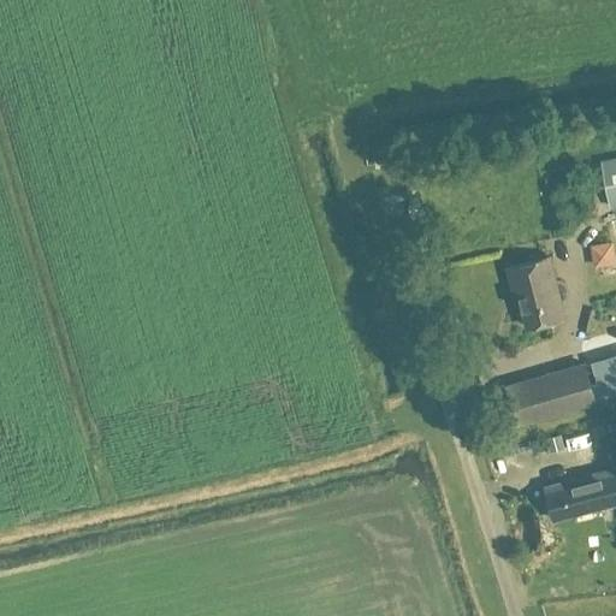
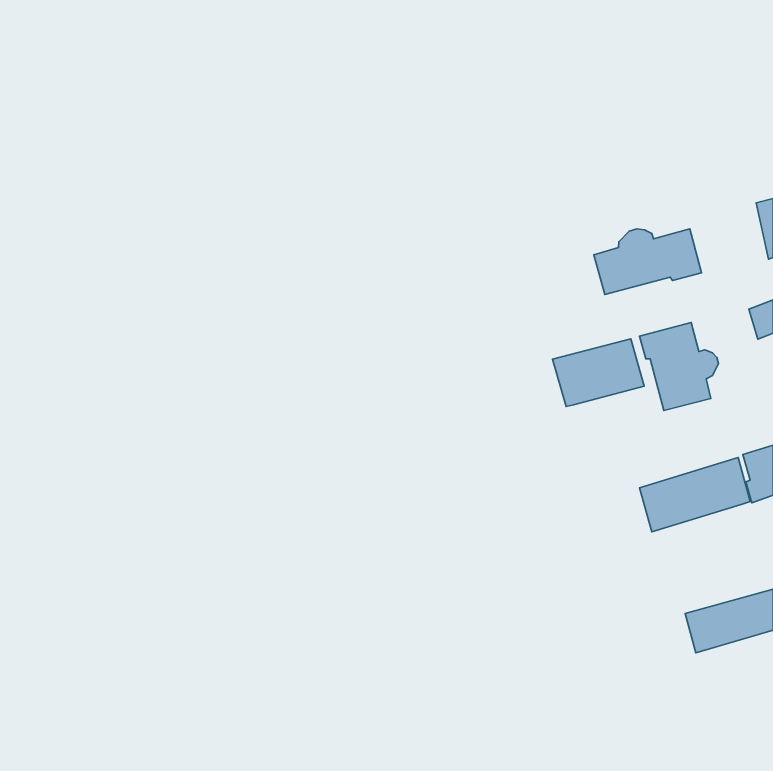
building: none -> [594,229,702,295]
building: none -> [552,339,644,406]

